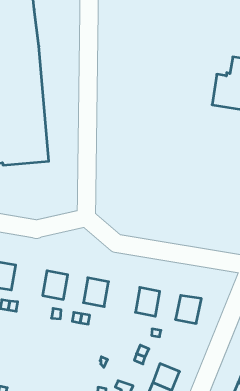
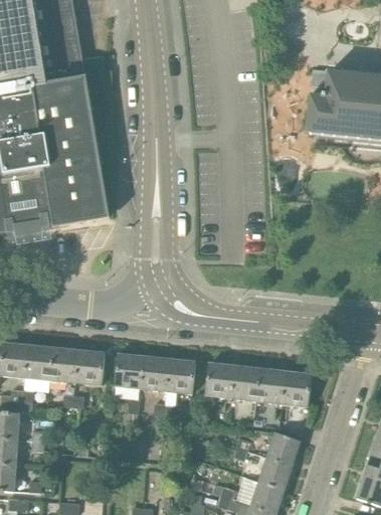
building: none -> [75,350,105,384]
building: none -> [141,357,169,390]
building: none -> [205,363,234,397]
building: none -> [256,369,285,402]
building: none -> [266,434,300,467]

